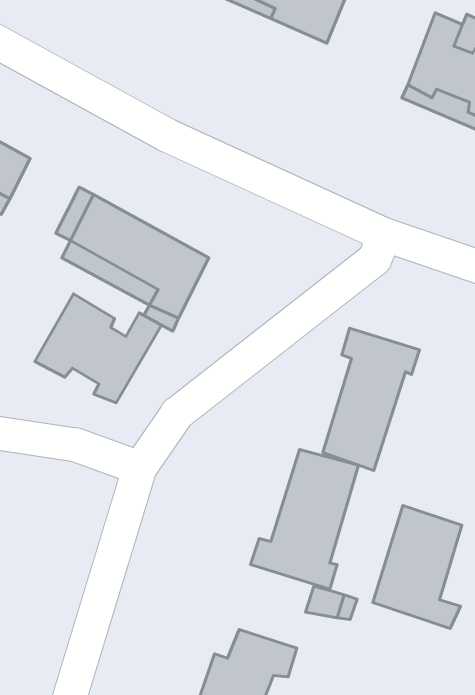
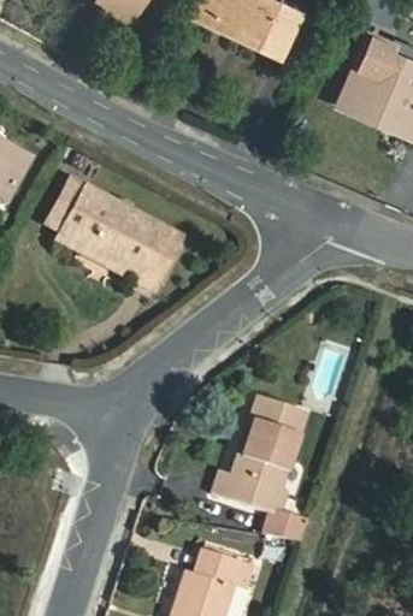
building: [35,294,162,403] -> none
building: [323,328,420,471] -> none
building: [373,505,462,629] -> none

